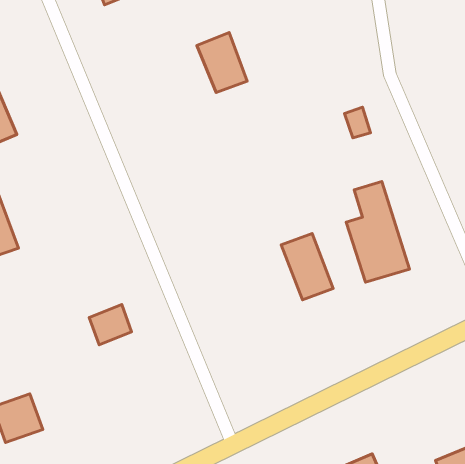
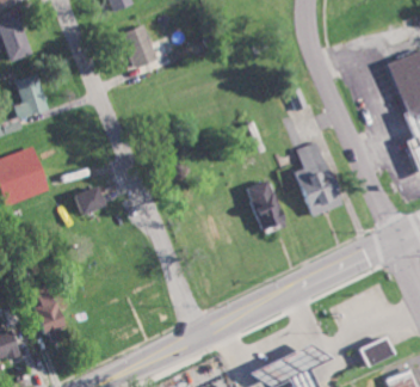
building: [197,32,247,92] -> [123,24,160,68]
building: [89,304,131,345] -> [72,185,103,215]

